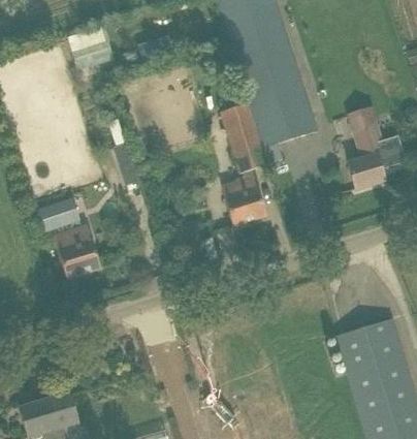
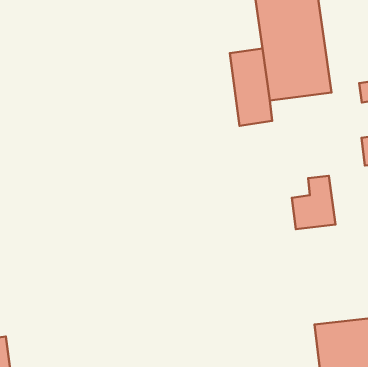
building: [225,175,267,226] -> [292,176,336,229]
building: [39,202,101,278] -> none

